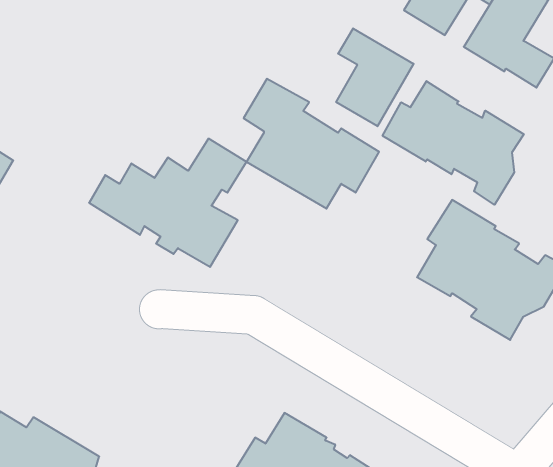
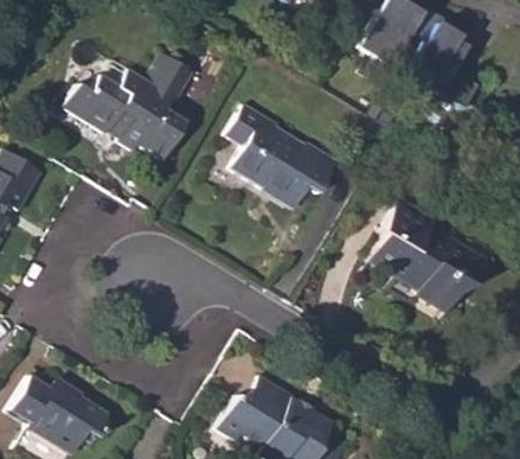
building: [336,28,414,126] -> none
building: [383,81,524,205] -> none
building: [89,139,246,267] -> [65,52,193,157]

